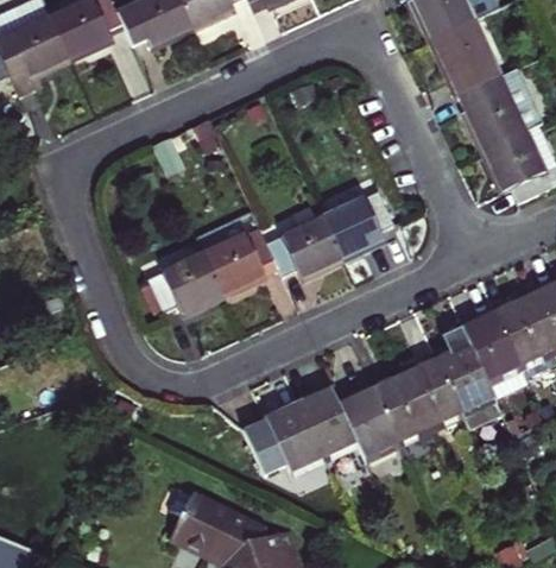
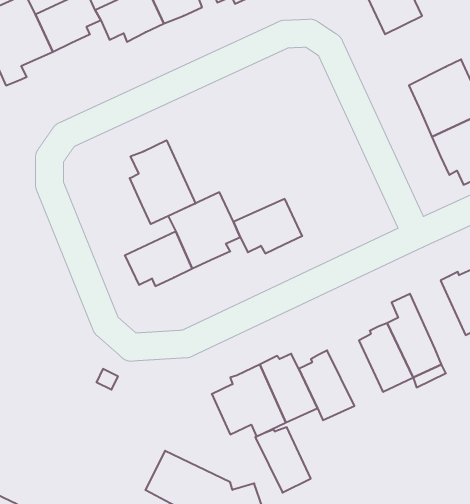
building: [432,19,499,95] -> none
building: none -> [130,140,196,224]
building: [323,191,393,259] -> none
building: [460,308,520,383] -> none
building: [369,373,430,444] -> [255,427,311,493]

